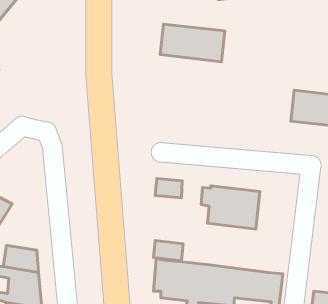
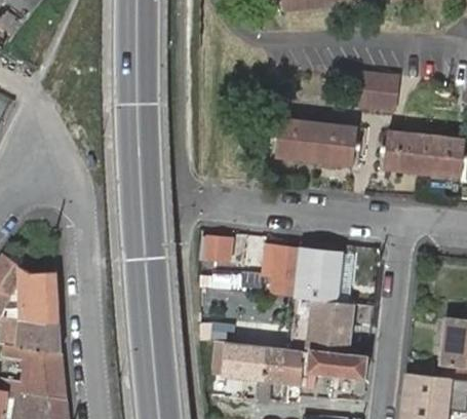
building: [160,24,225,62] -> [272,114,353,161]
building: none -> [351,69,392,106]
building: none -> [21,268,60,327]
building: none -> [293,299,356,354]

